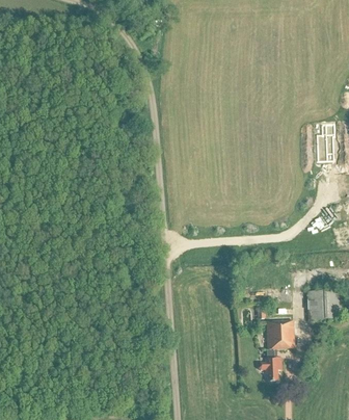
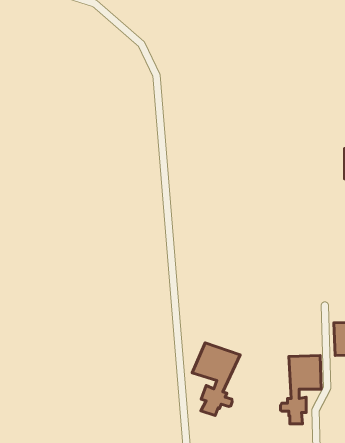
building: none -> [192,343,240,415]

